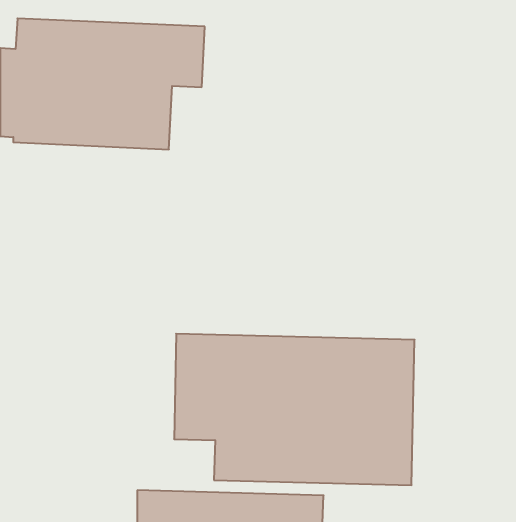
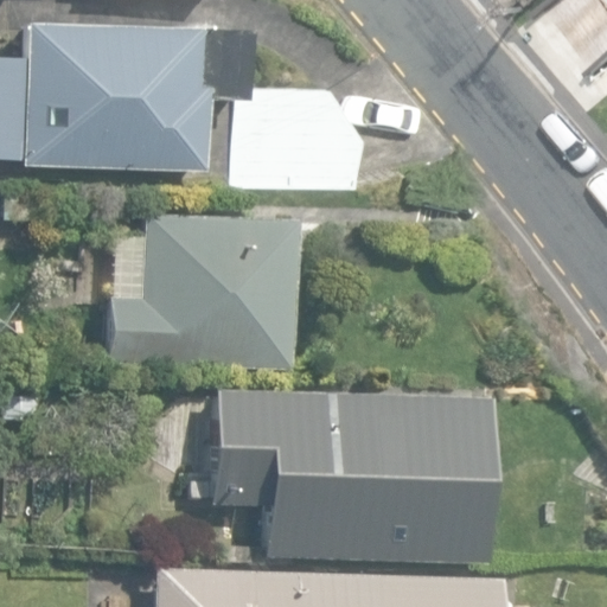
building: none -> [243,89,363,190]
building: none -> [109,213,300,371]

